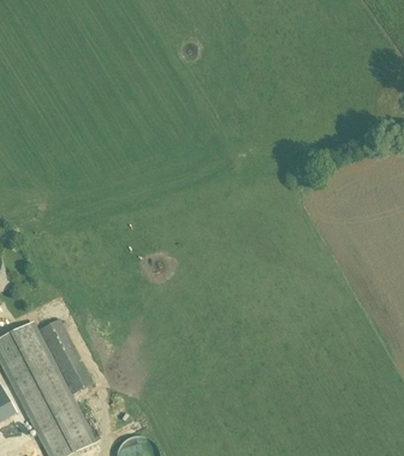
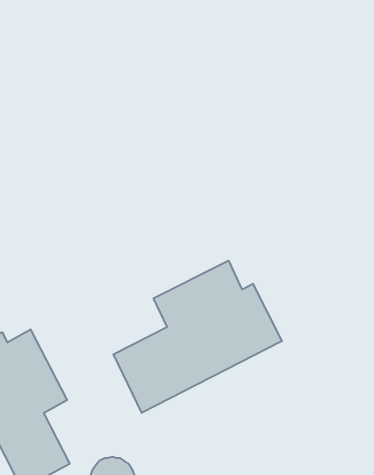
building: none -> [113,261,282,413]

